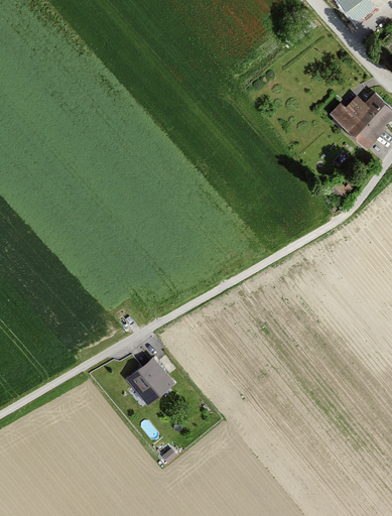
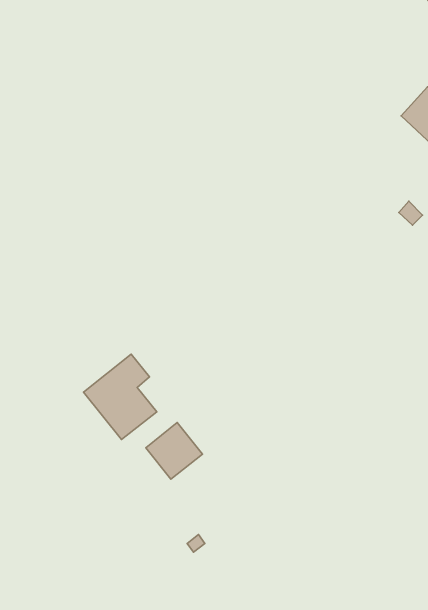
building: none -> [83,354,157,440]

